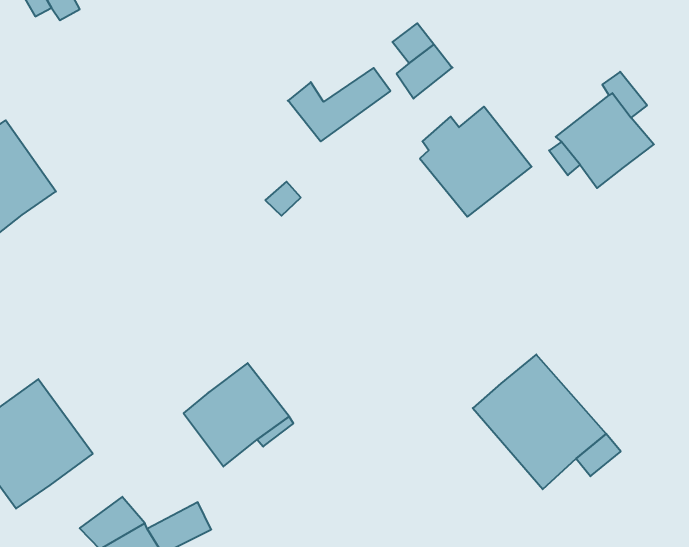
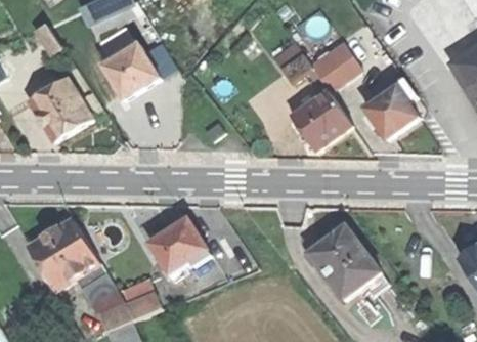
building: none -> [102,42,159,98]
building: [288,68,390,141] -> [310,50,366,88]
building: none -> [75,261,114,301]

